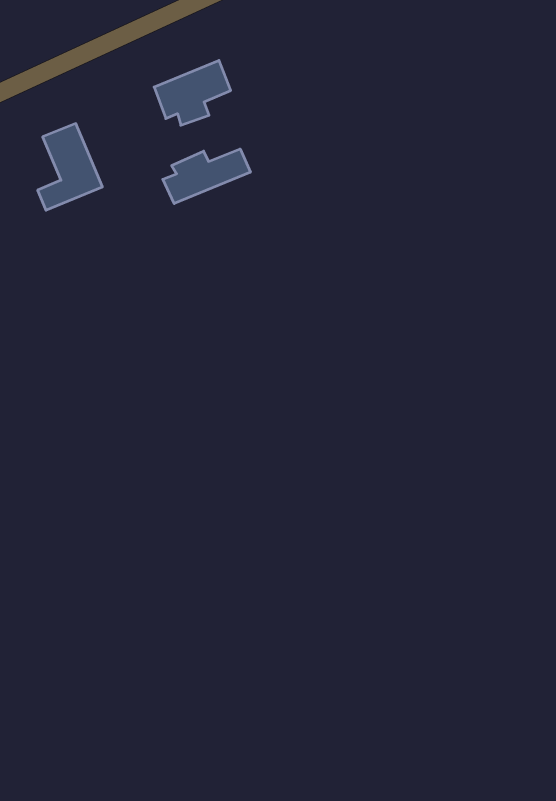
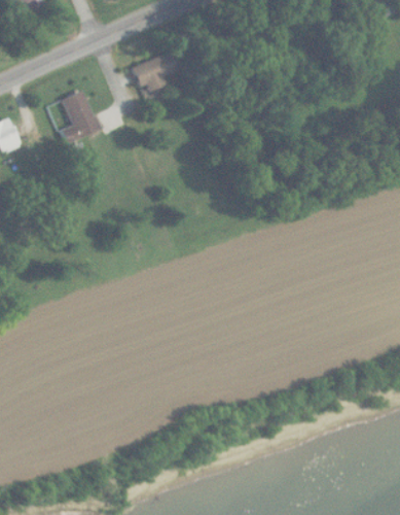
building: [163,149,250,204] -> none

